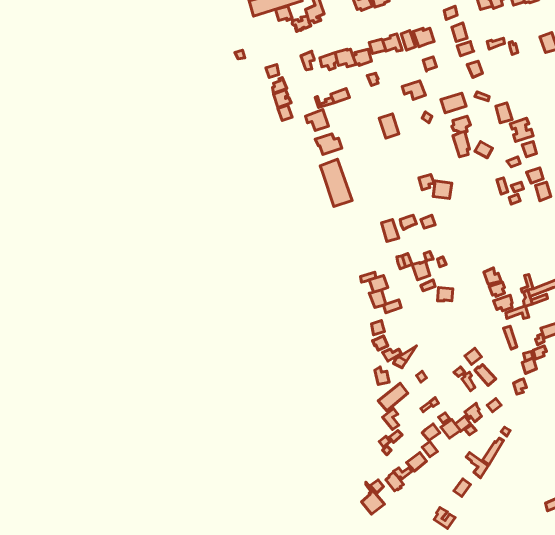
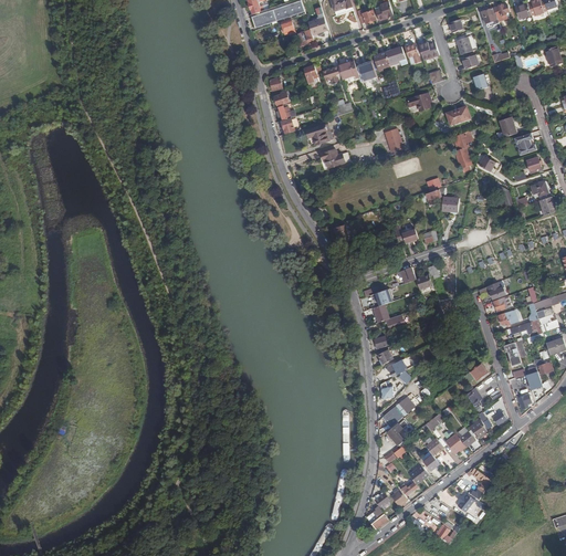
building: [320,159,352,206] -> none

